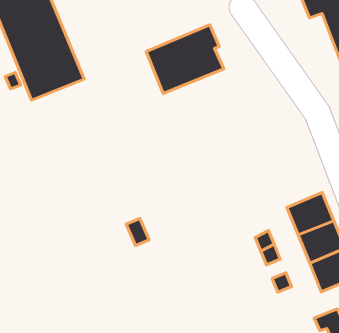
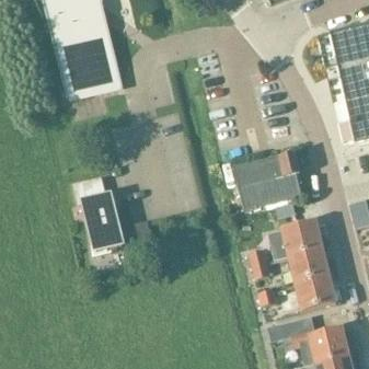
building: [146,25,224,94] -> [233,152,301,208]
building: none -> [72,175,123,251]

